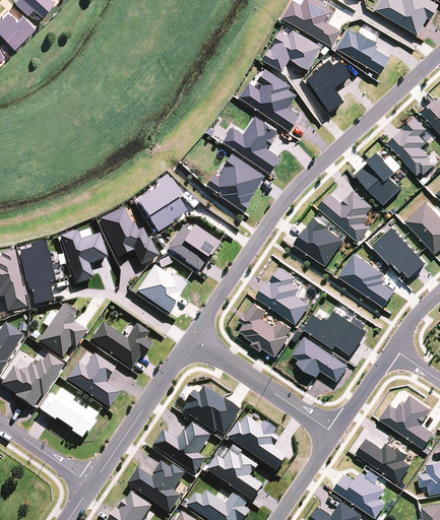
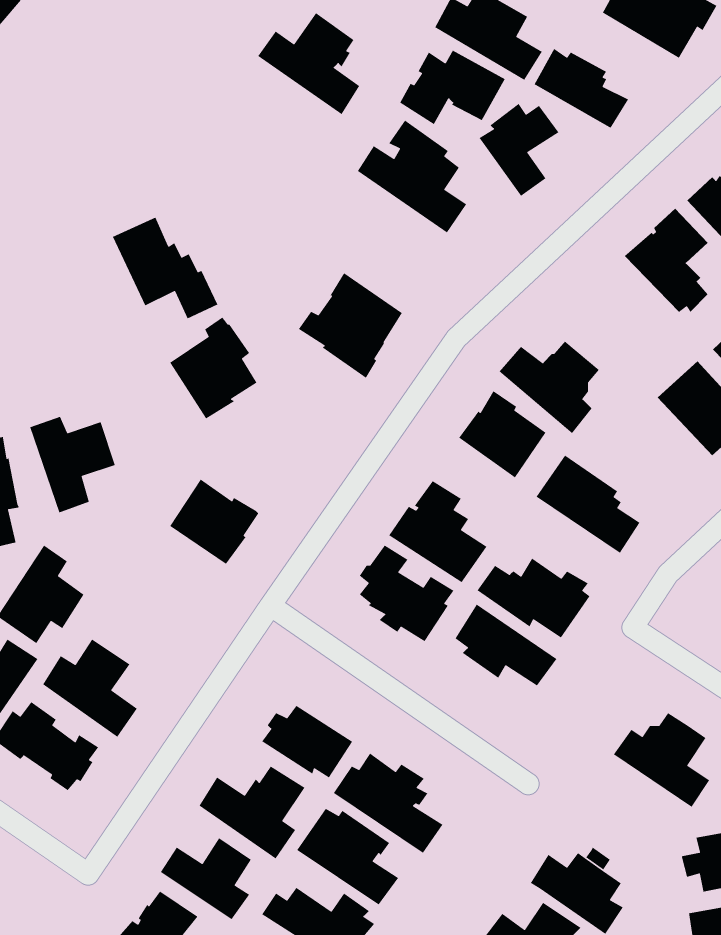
building: [223,115,279,172] -> [257,12,360,115]
building: [356,150,401,204] -> none
building: [98,208,156,265] -> [112,216,219,319]
building: [166,225,217,271] -> none
building: [372,225,425,276] -> none
building: [89,322,150,368] -> none
building: [356,437,412,481] -> none

